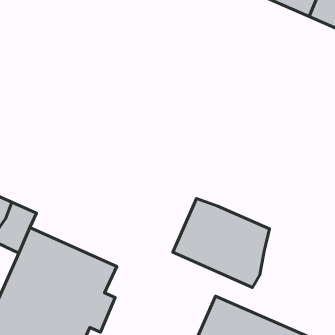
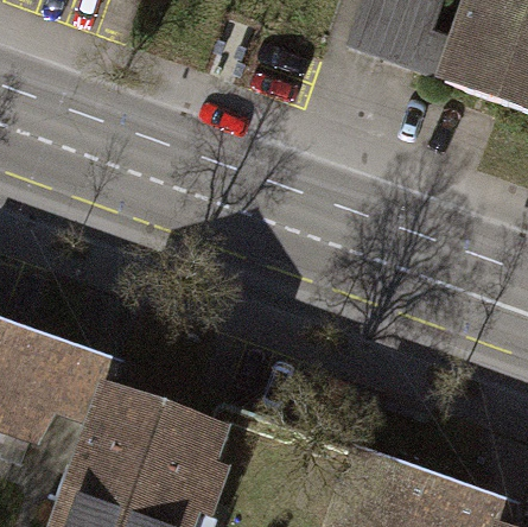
building: [173,198,270,288] -> none

